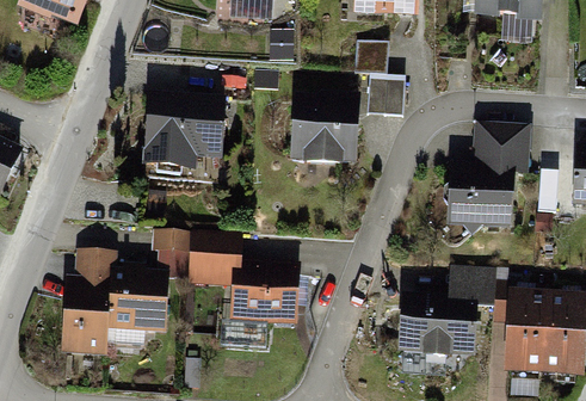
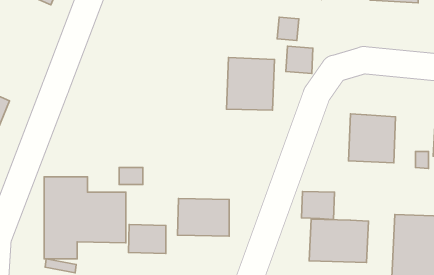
building: [142,95,224,166] -> none
building: [471,123,525,168] -> none
building: [192,232,240,269] -> [128,224,166,254]
building: [451,266,493,302] -> [302,191,334,220]

